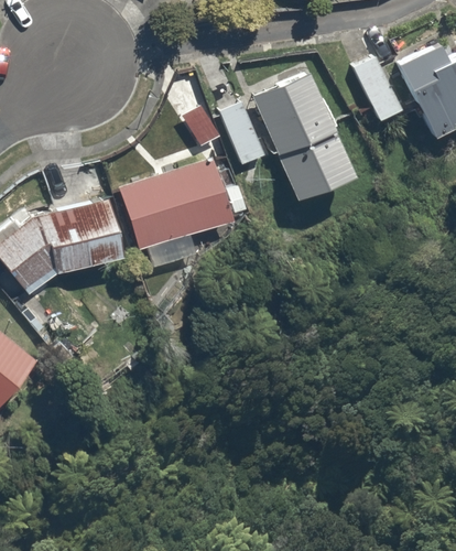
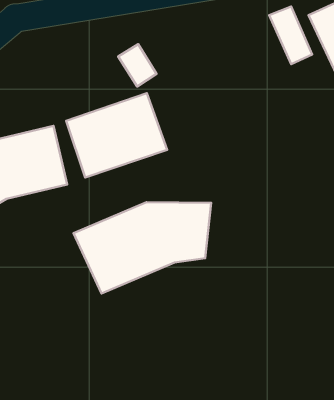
building: [217,67,355,198] -> none
building: none -> [73,202,211,293]

